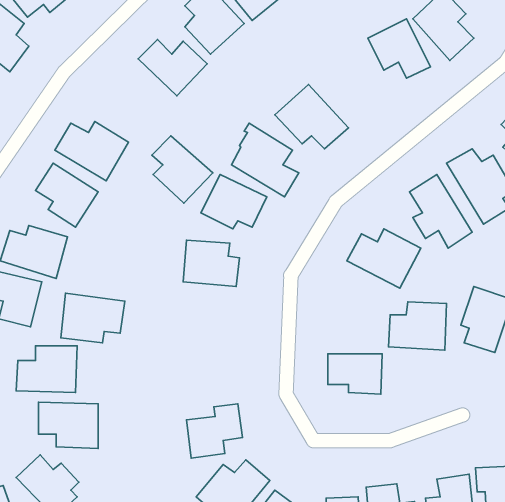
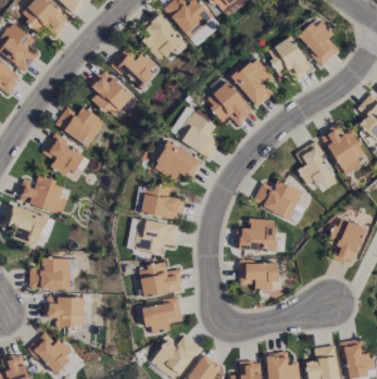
building: none -> [227,58,274,104]
building: [152,136,213,203] -> [92,72,134,117]
building: [61,293,125,343] -> [135,219,178,253]
building: [389,302,446,350] -> [237,219,276,252]
building: none -> [139,265,183,298]

